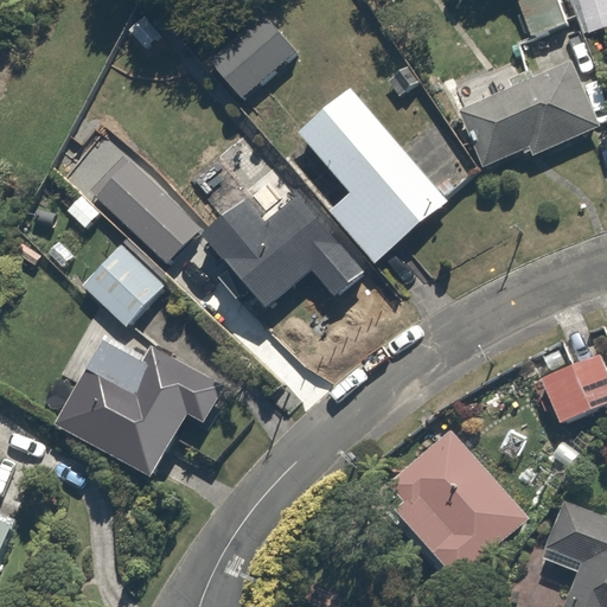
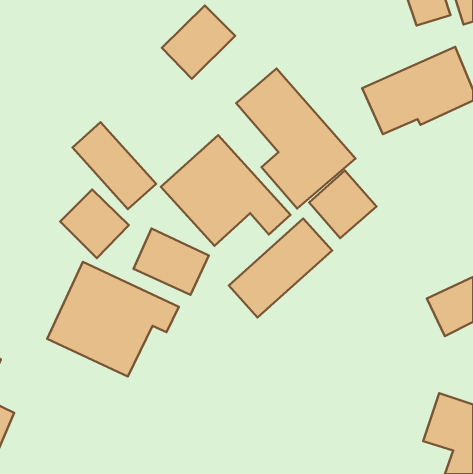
building: none -> [309,171,377,238]
building: none -> [229,218,332,318]
building: none -> [133,229,209,295]
building: [377,423,535,584] -> none

